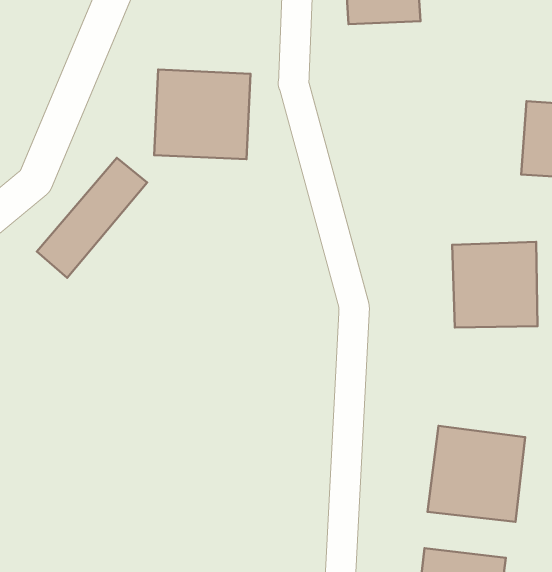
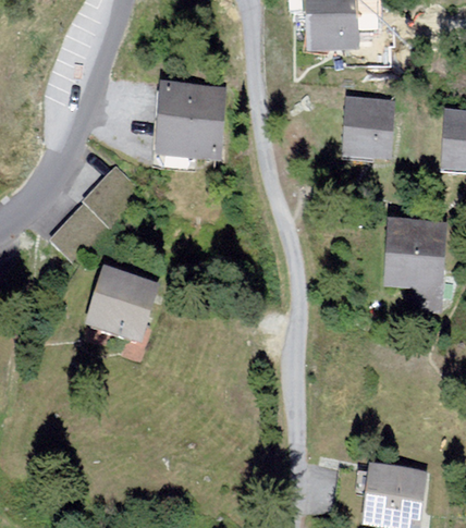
building: none -> [342,99,395,159]
building: none -> [86,268,164,342]
building: [427,426,525,522] -> none

